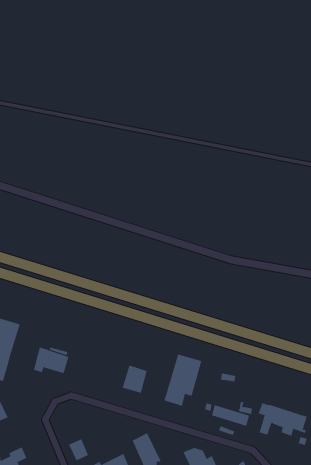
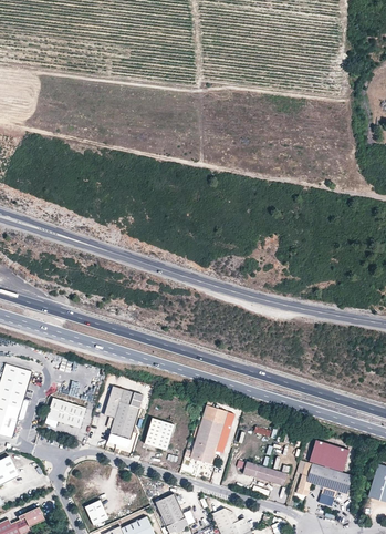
building: none -> [105,387,140,448]
building: none -> [310,441,351,473]

